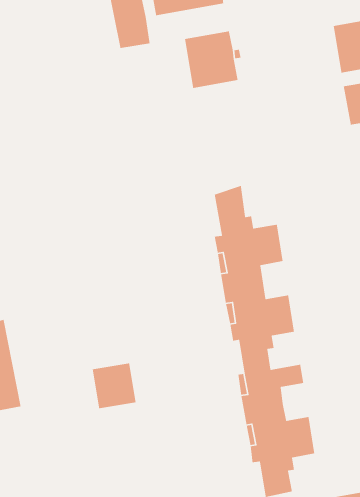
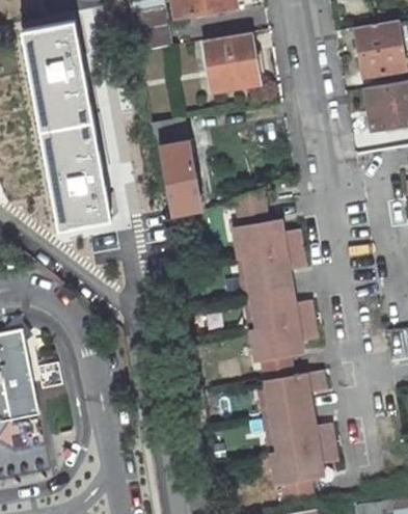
building: none -> [23,21,111,229]
building: none -> [152,117,201,217]
building: [92,363,136,409] -> none

